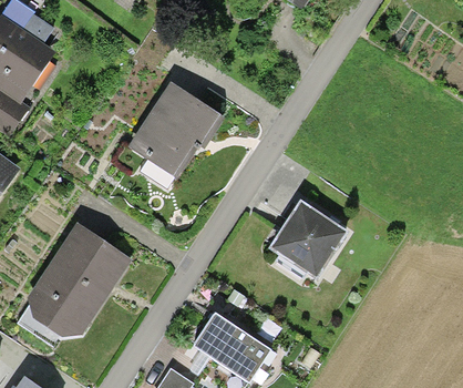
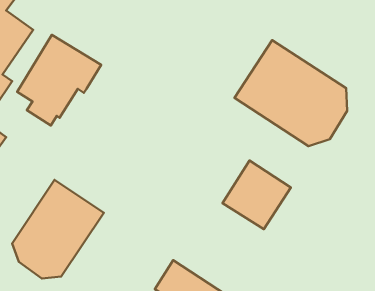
building: none -> [235,40,347,146]
building: [130,81,226,185] -> [17,35,101,126]

